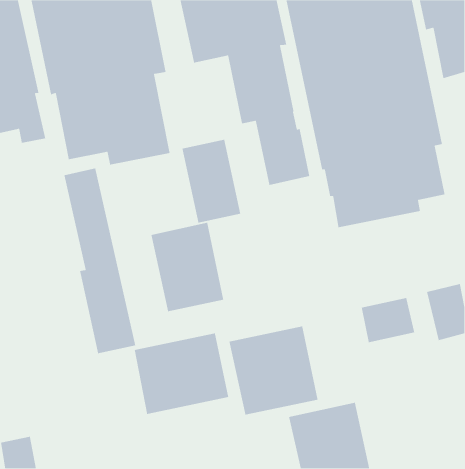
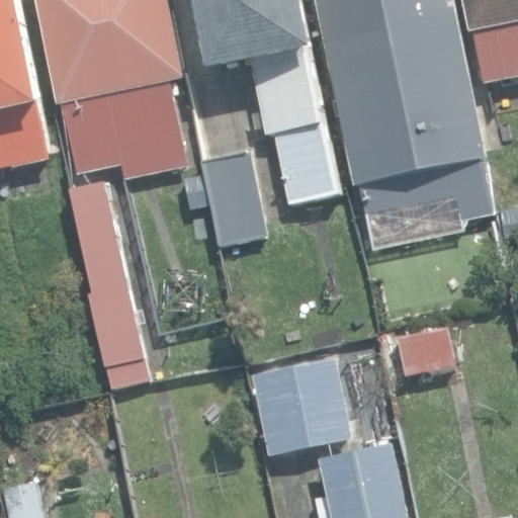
building: [151,222,224,312] -> none
building: [134,333,229,415] -> none

